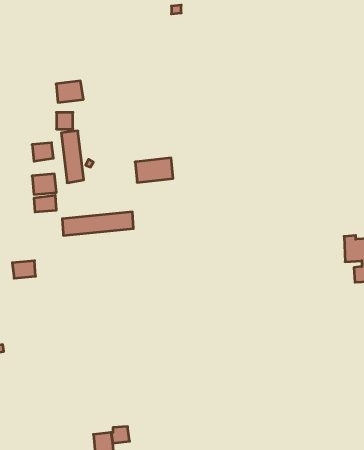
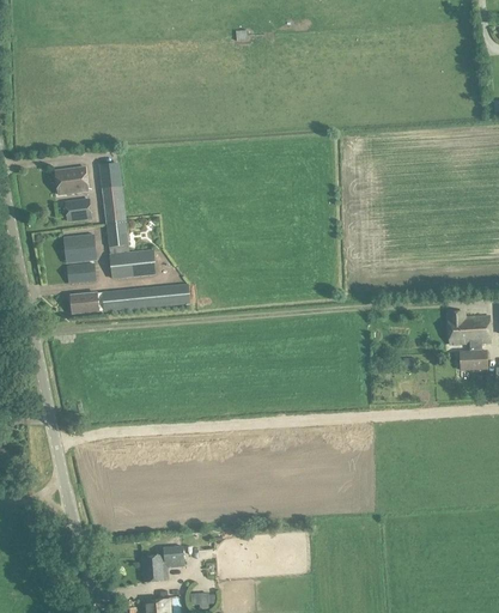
building: [56,81,83,102] -> [55,165,89,192]
building: [135,158,173,182] -> [109,248,156,278]
building: [12,261,36,278] -> [69,291,98,312]

